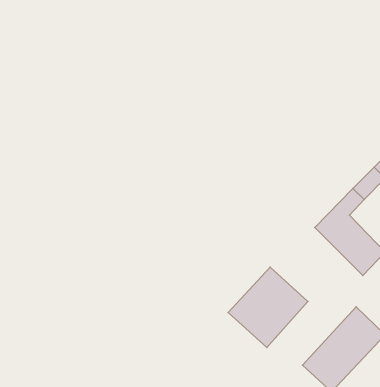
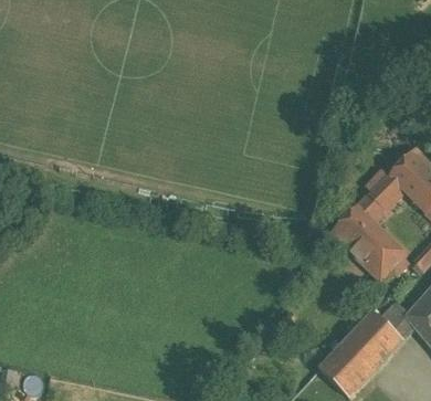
building: [228,267,308,347] -> none

